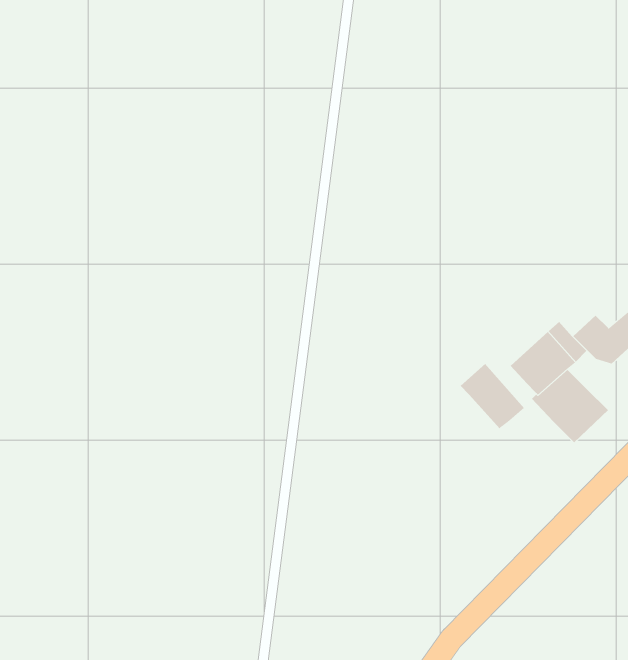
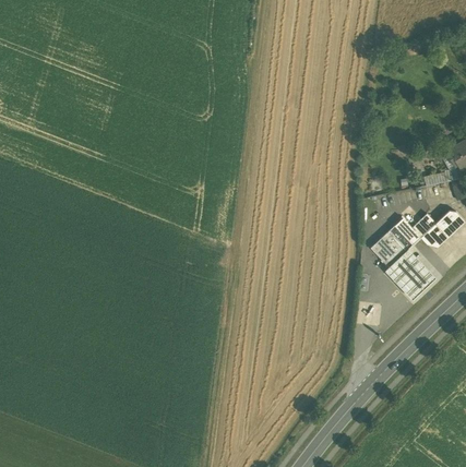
building: [460,363,525,429] -> none

